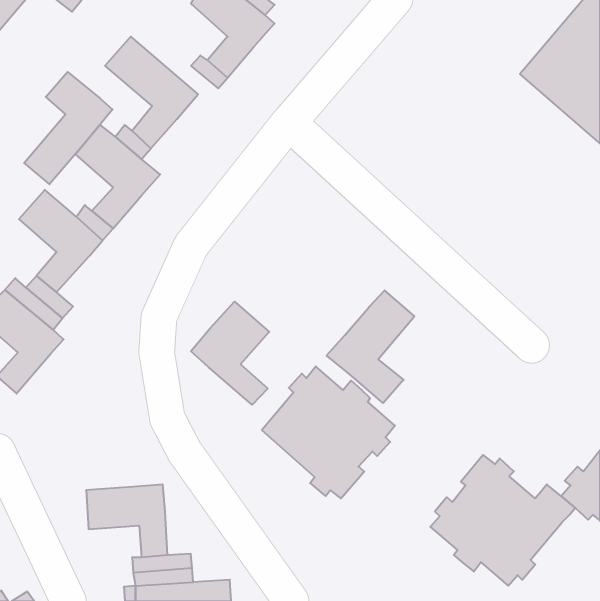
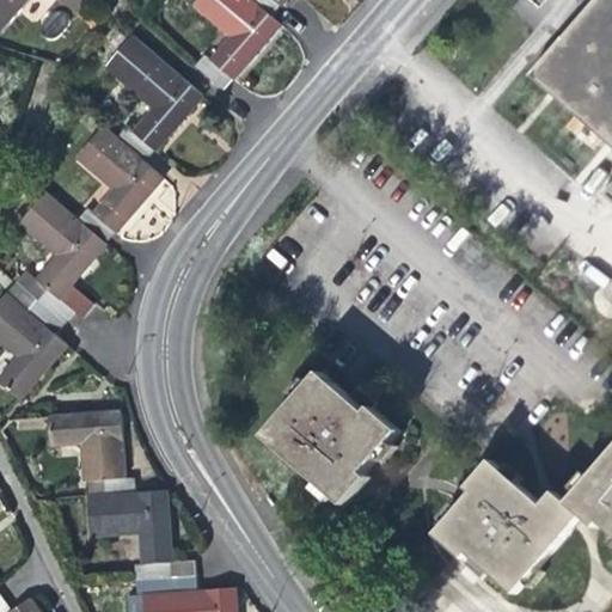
building: [24,72,113,184] -> none
building: [327,290,414,403] -> none
building: [191,302,269,405] -> none
building: none -> [48,412,135,497]

